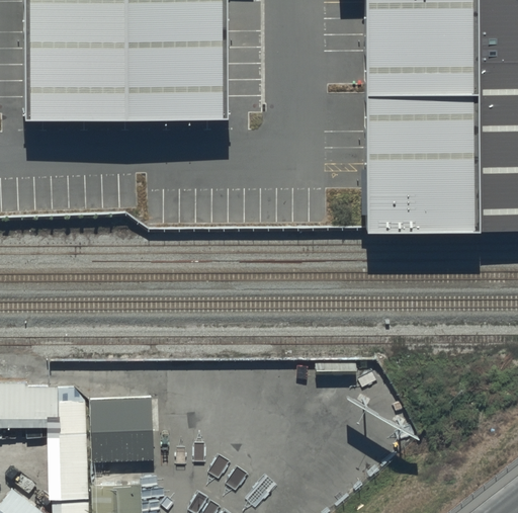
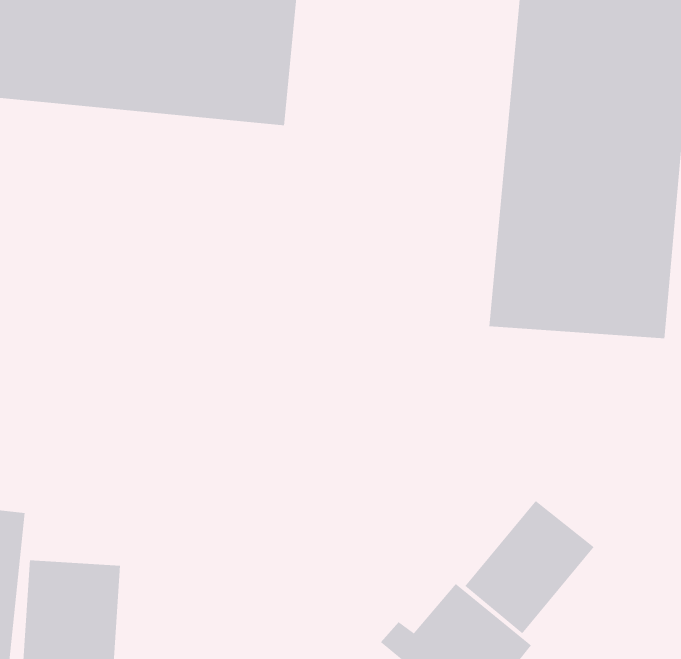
building: none -> [464,500,595,634]

